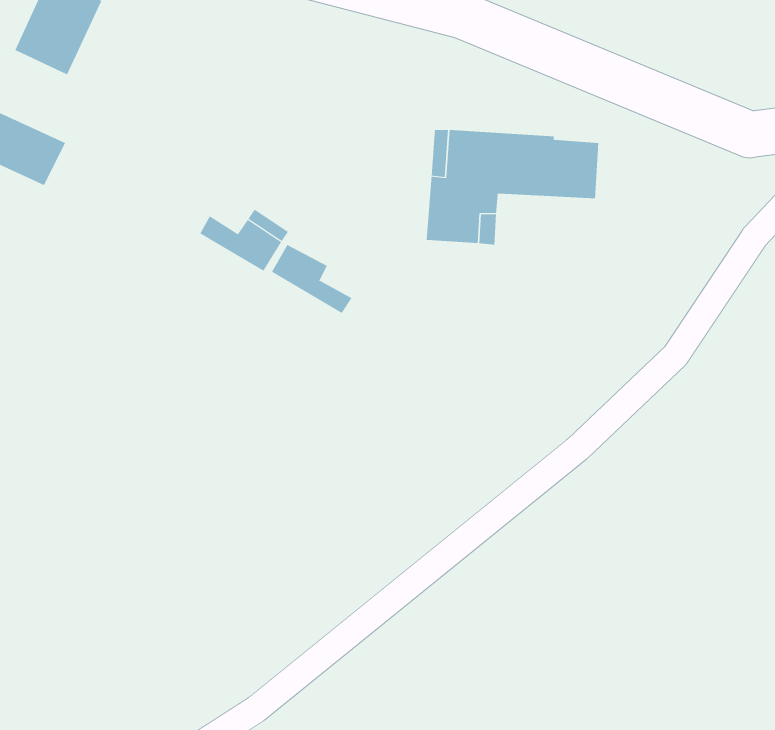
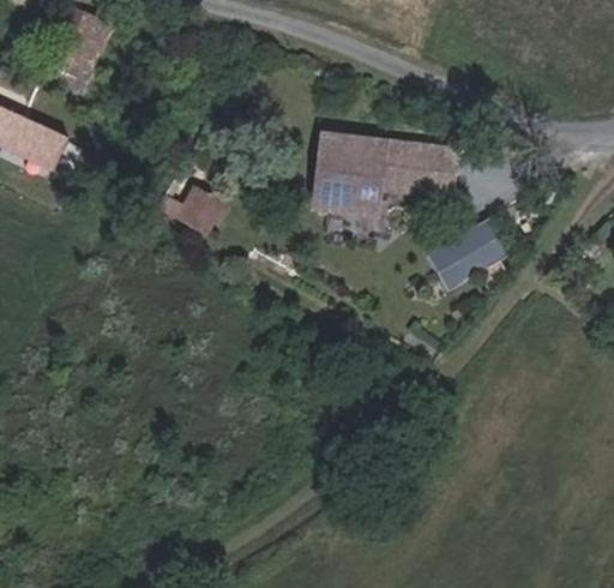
building: [271,244,352,314] -> none
building: none -> [425,223,502,289]

